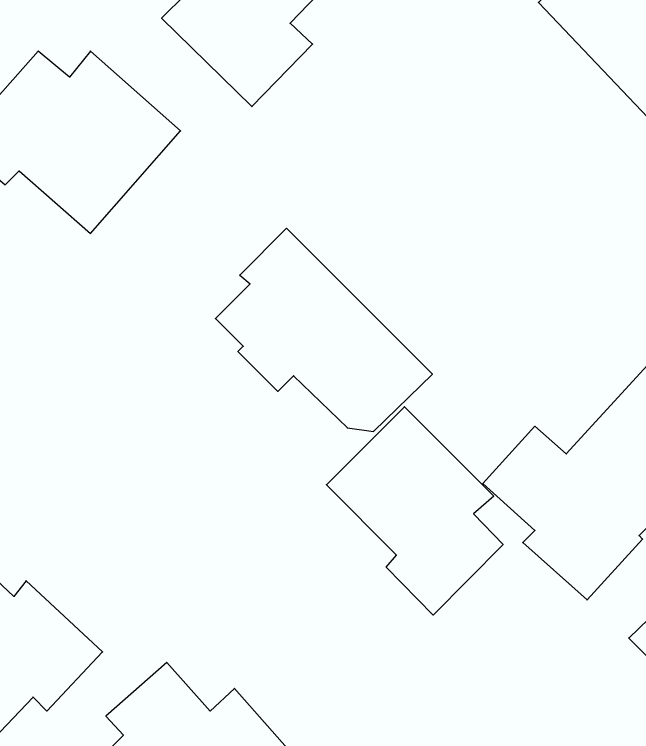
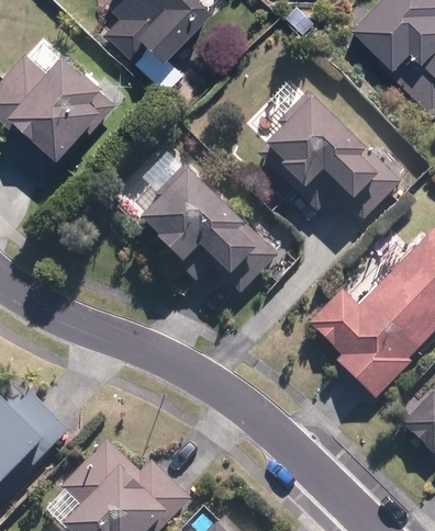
building: none -> [261,92,401,216]
building: [326,407,503,615] -> none

